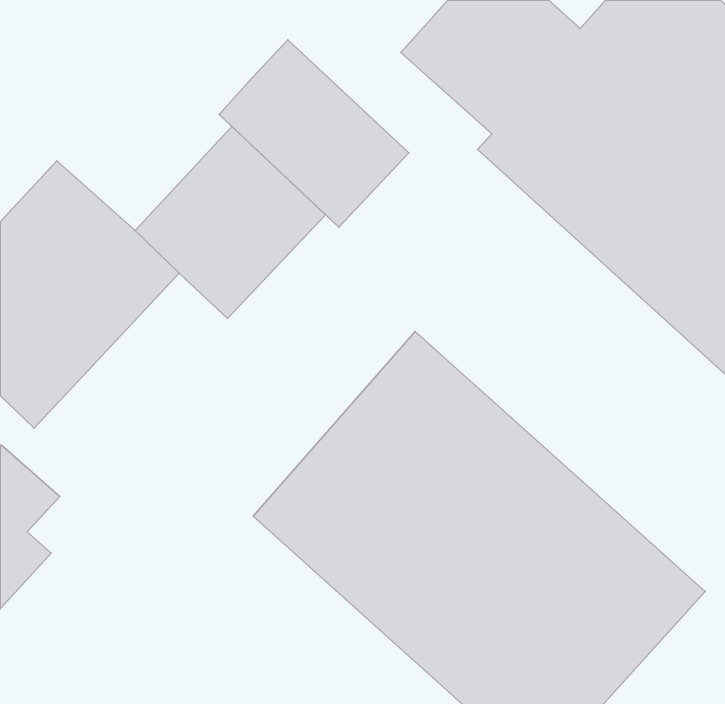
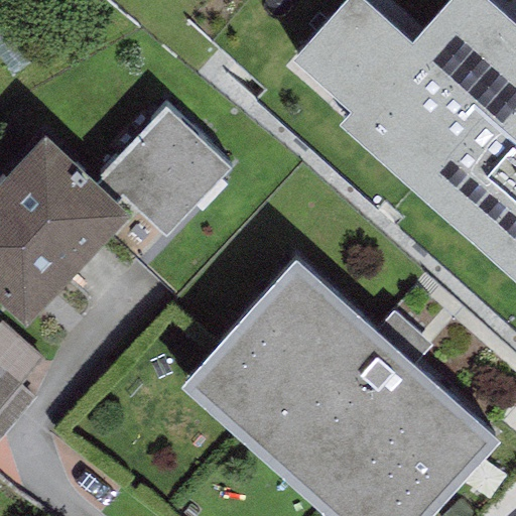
building: [219,40,409,227] -> none

